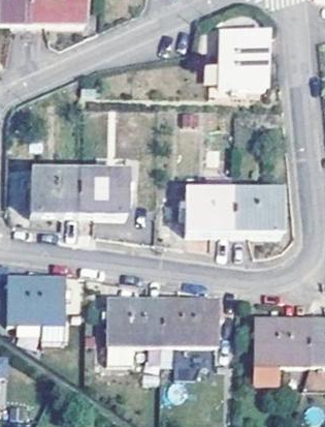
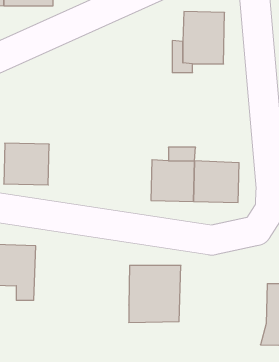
building: [77,170,126,215] -> none
building: [109,297,164,359] -> none
building: [256,316,311,377] -> none

